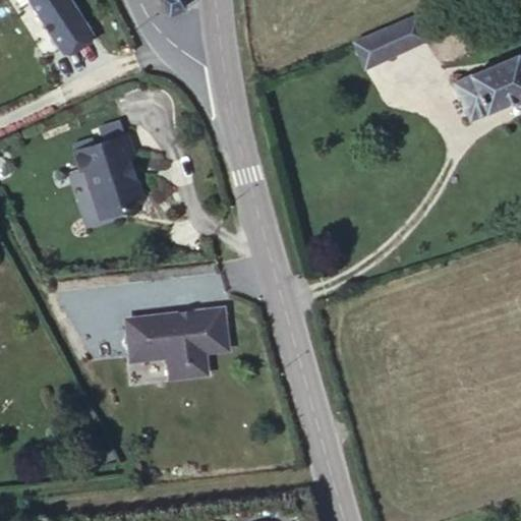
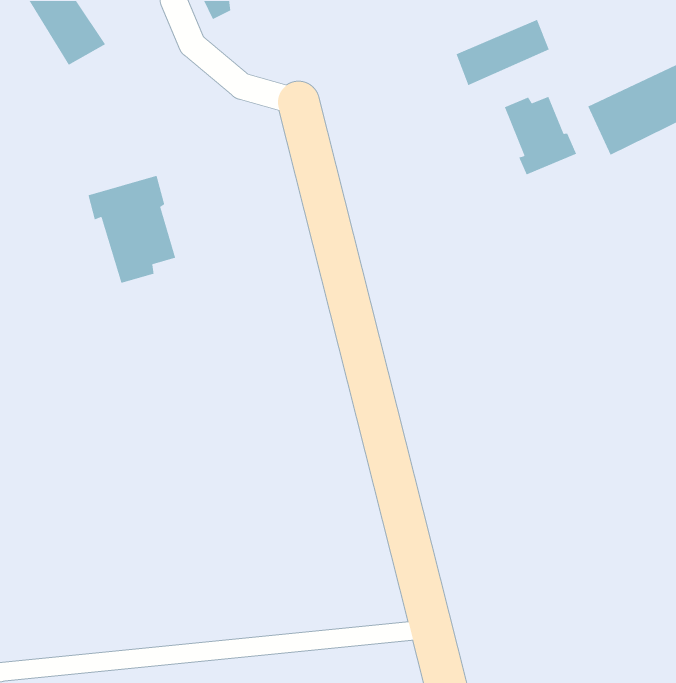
building: none -> [504,96,577,175]
building: [129,311,230,380] -> none

